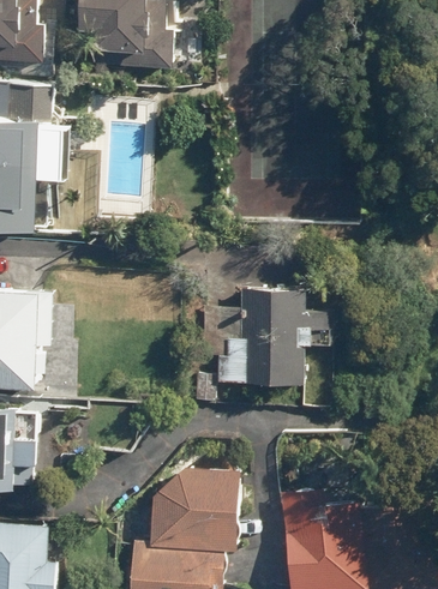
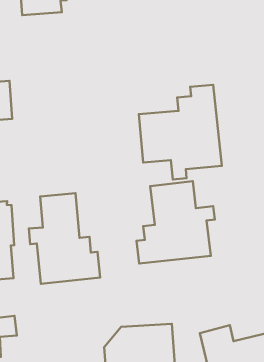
building: none -> [139,85,222,180]
building: none -> [29,193,100,284]

